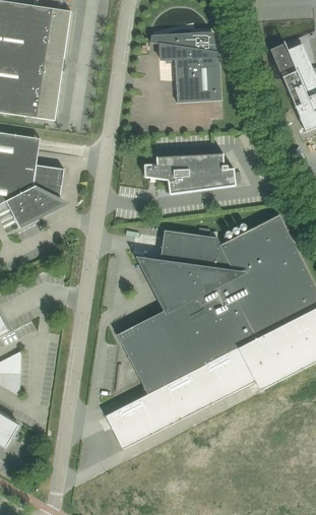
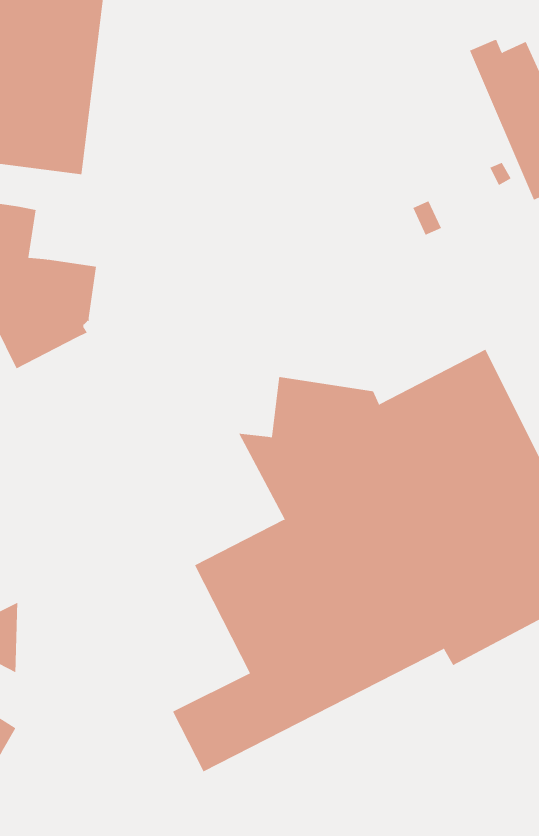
building: [150,28,223,103] -> none
building: [144,153,237,193] -> none

